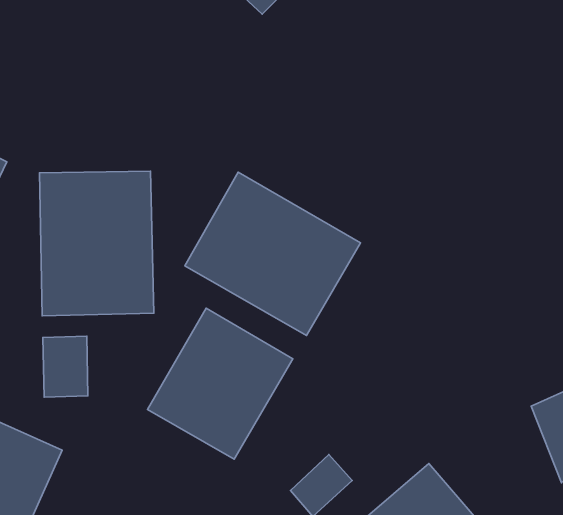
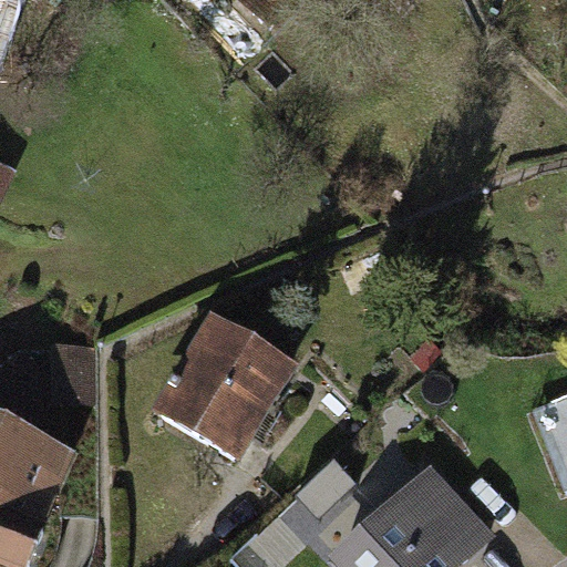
building: [40,171,154,316] -> none
building: [185,172,361,336] -> none

